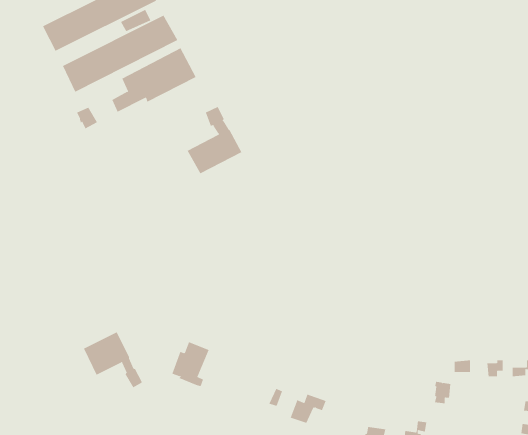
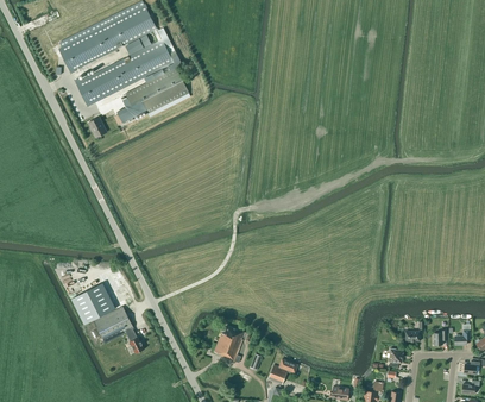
building: [187,106,242,174] -> none
building: none -> [70,282,114,324]
building: [171,341,210,387] -> [213,324,245,362]

